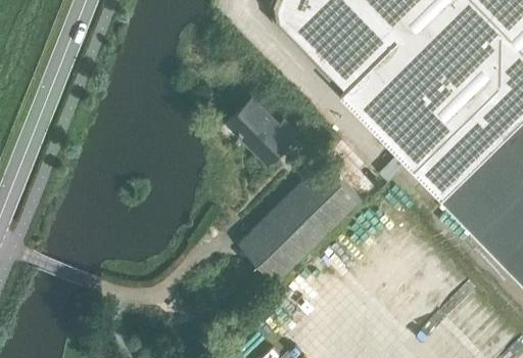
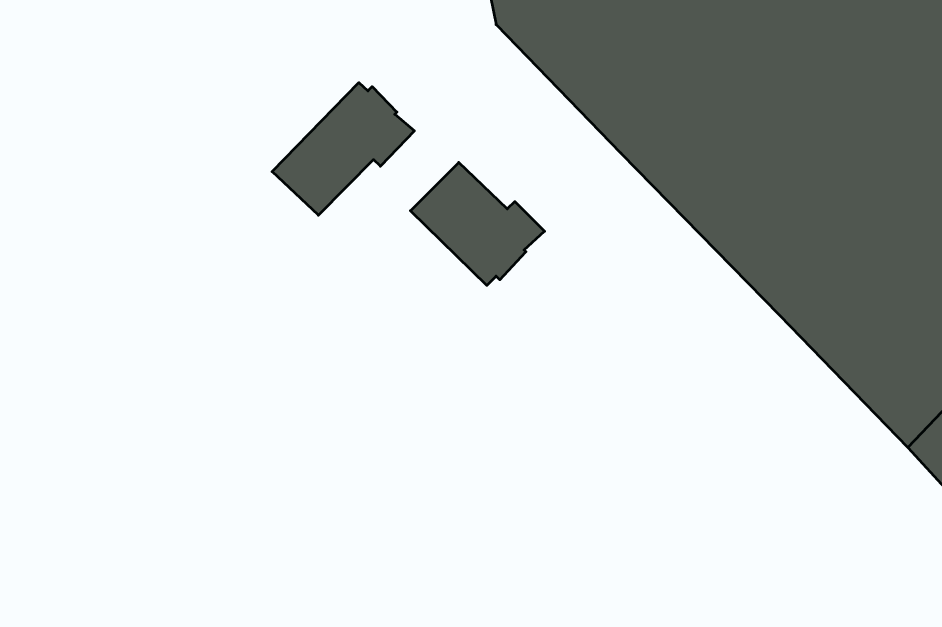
building: none -> [272,83,414,215]
building: [238,160,363,282] -> none

